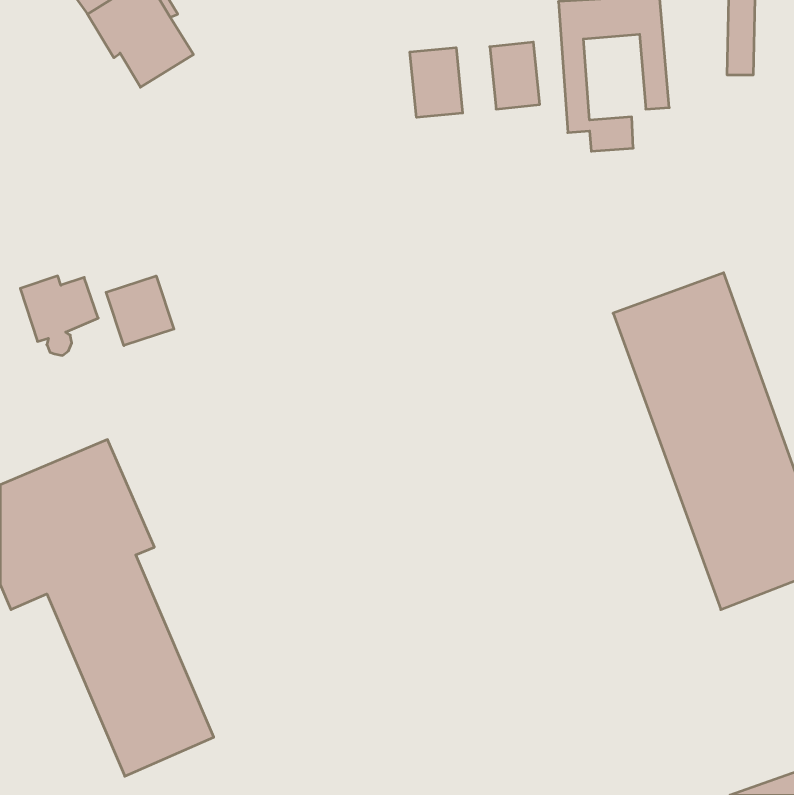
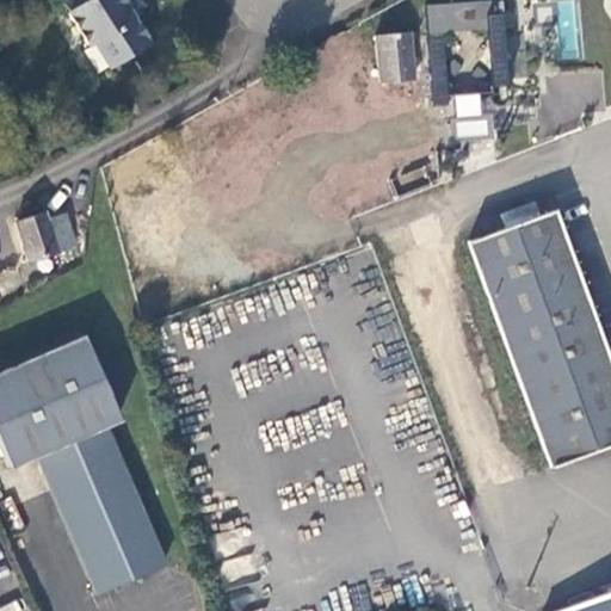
building: [410,48,463,117] -> none
building: [106,276,174,346] -> none

